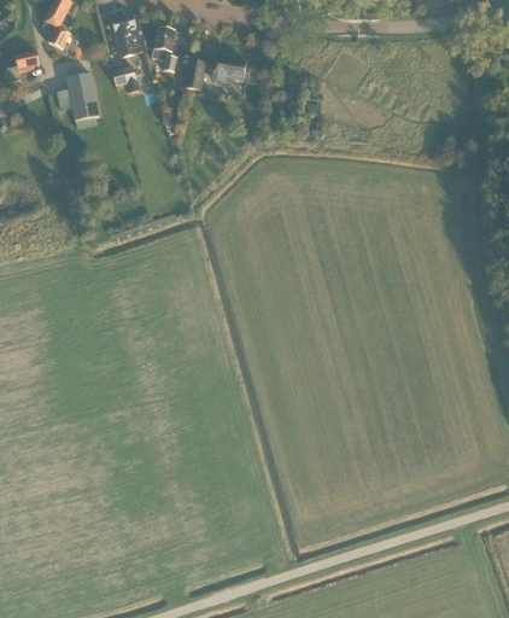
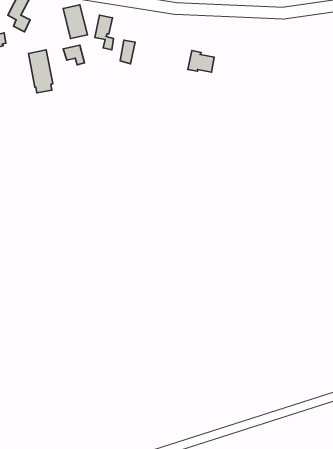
building: [211,53,245,81] -> [188,51,214,72]

